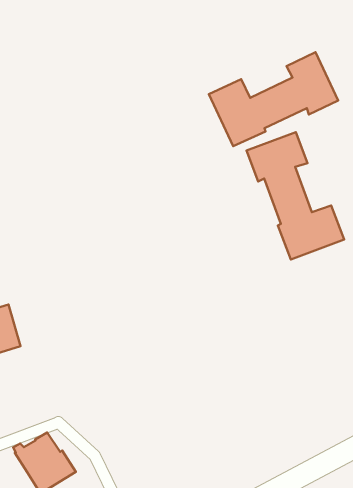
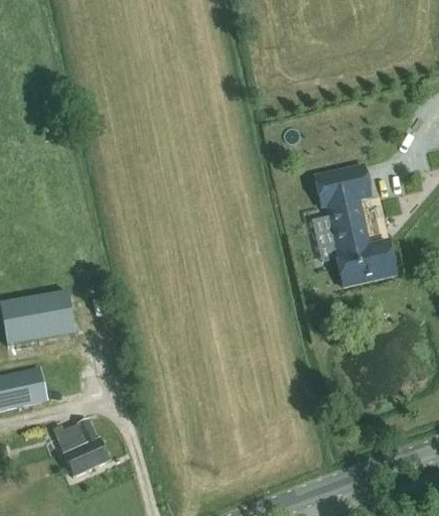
building: [209,52,338,146] -> none

